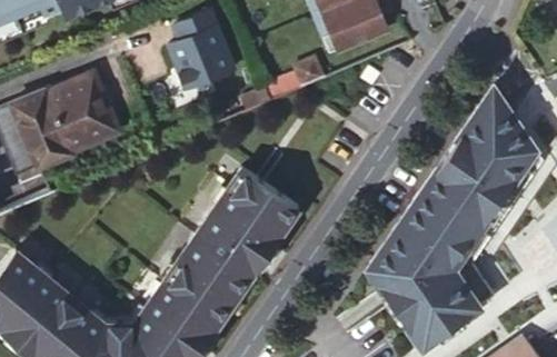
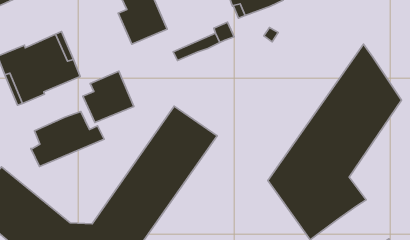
building: none -> [83,71,134,123]
building: none -> [31,111,104,167]

